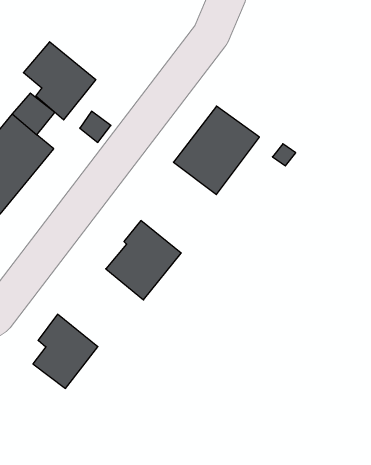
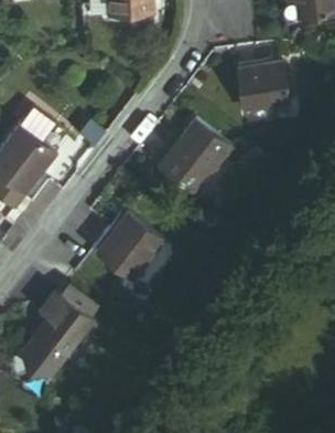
building: [23,42,96,120] -> none
building: none -> [241,68,300,127]
building: none -> [24,336,67,377]

